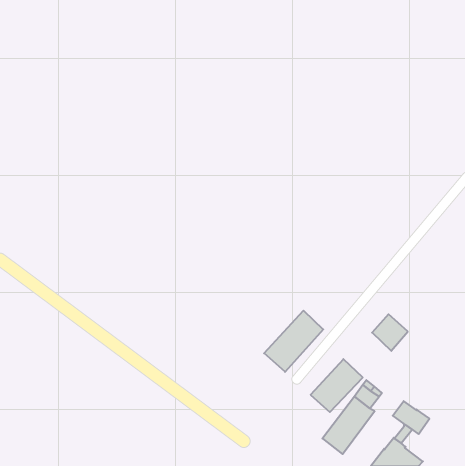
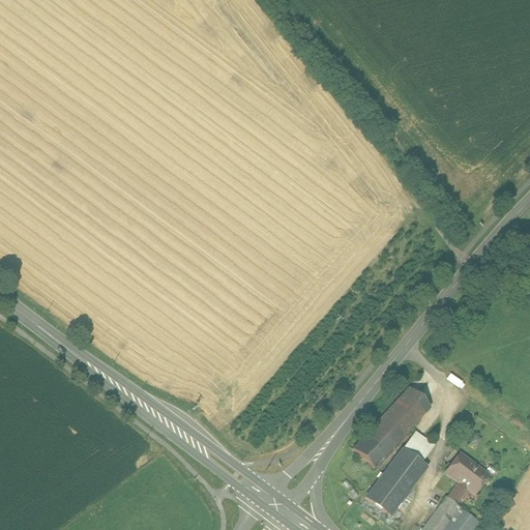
building: [264,311,323,372] -> none
building: [372,314,408,351] -> [391,386,432,428]

